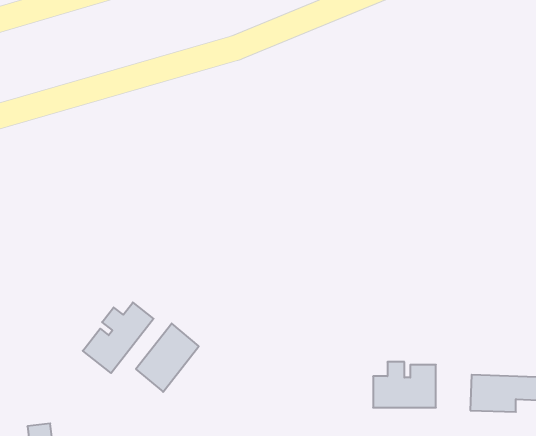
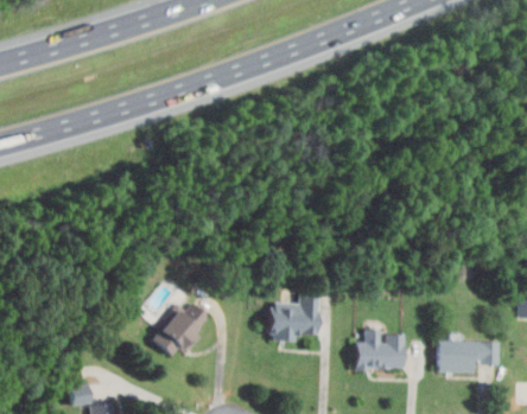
building: [83,302,154,373] -> none
building: none -> [265,291,320,343]

